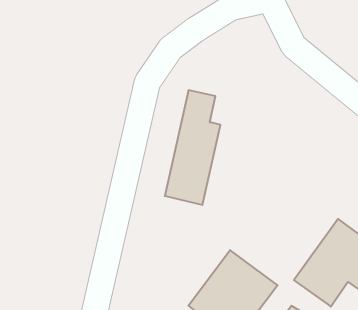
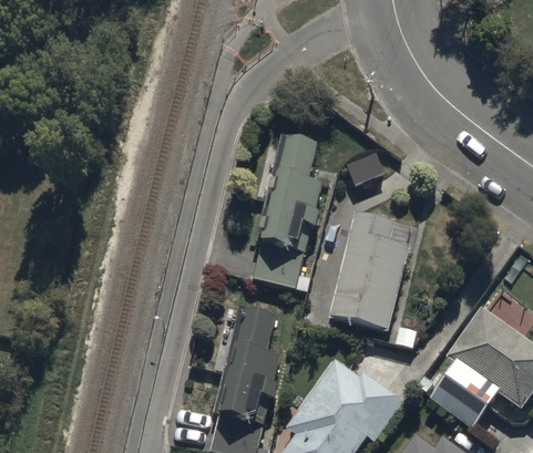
building: none -> [328,212,414,333]
building: none -> [213,306,284,428]

